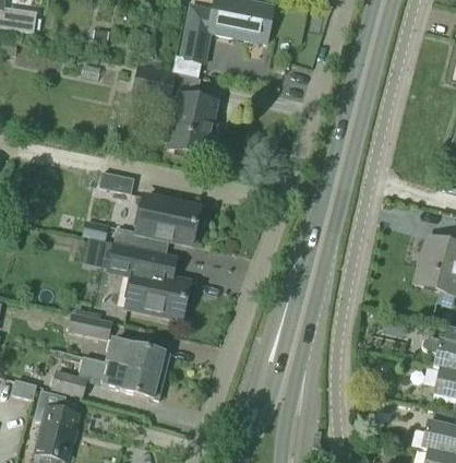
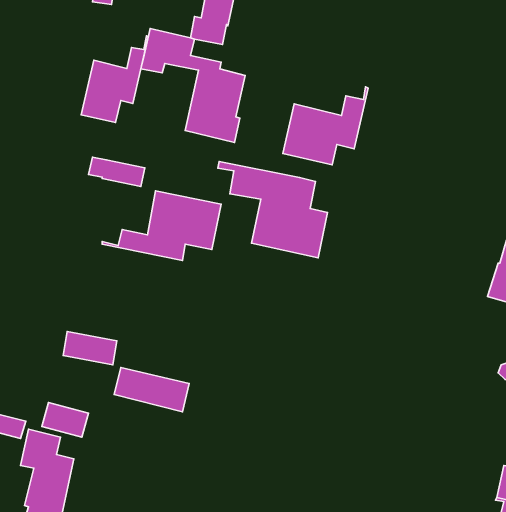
building: none -> [81,36,148,123]
building: none -> [283,87,368,165]
building: [98,239,188,318] -> [218,162,328,258]
building: [79,356,165,397] -> none

